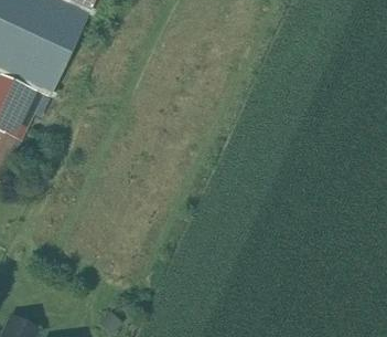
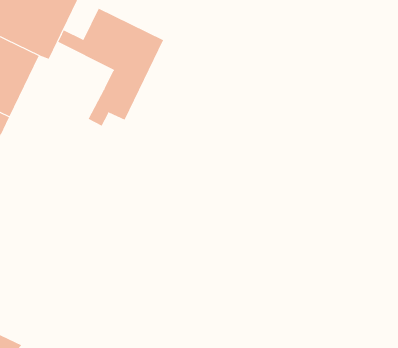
building: none -> [58,8,164,127]

